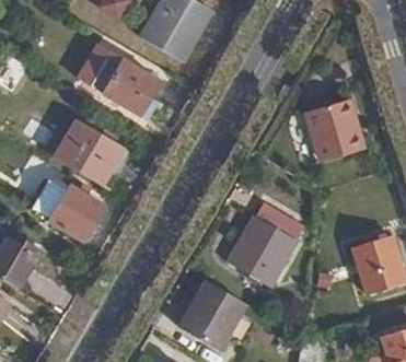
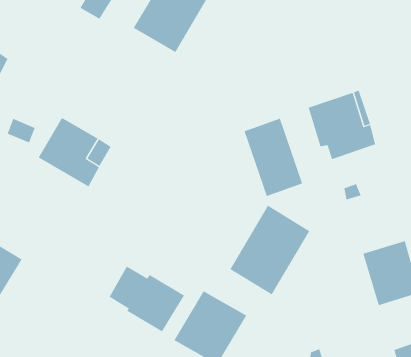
building: [79,45,162,116] -> none
building: none -> [244,118,303,197]
building: [33,179,103,241] -> [109,266,185,332]

